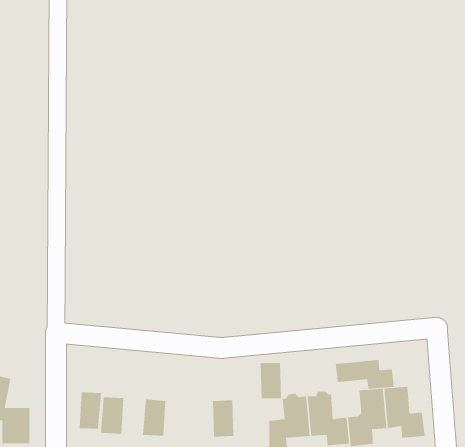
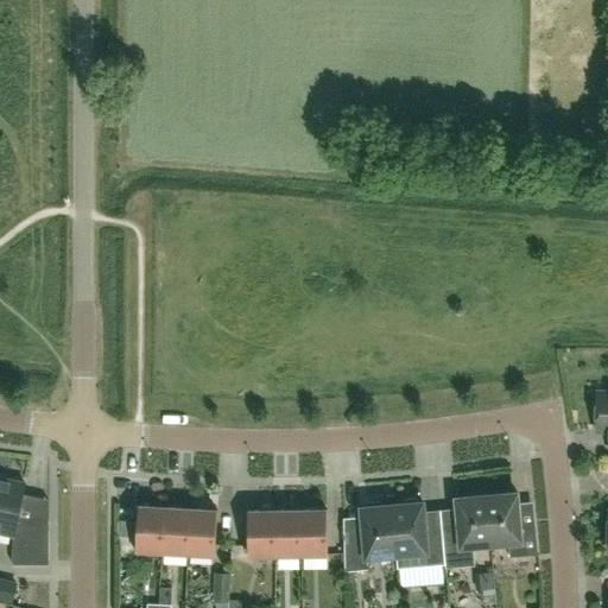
building: [335,359,394,390] -> none
building: [260,362,282,399] -> [299,509,327,555]
building: [79,392,102,429] -> [162,507,190,553]
building: none -> [247,511,274,556]

